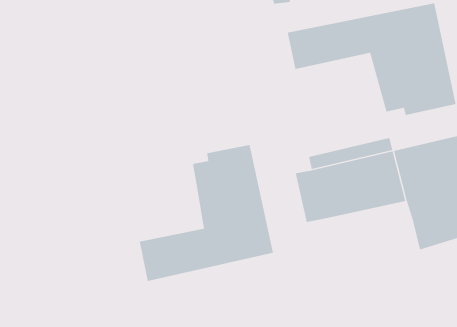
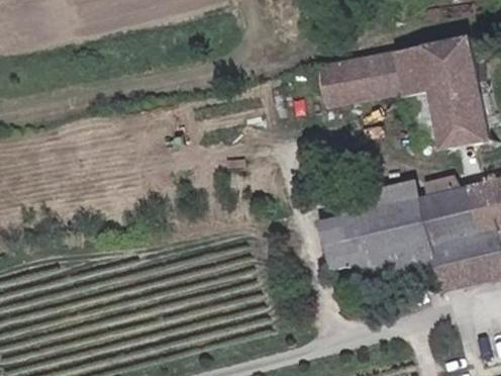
building: [139,144,274,282] -> none
building: none -> [362,239,446,276]

